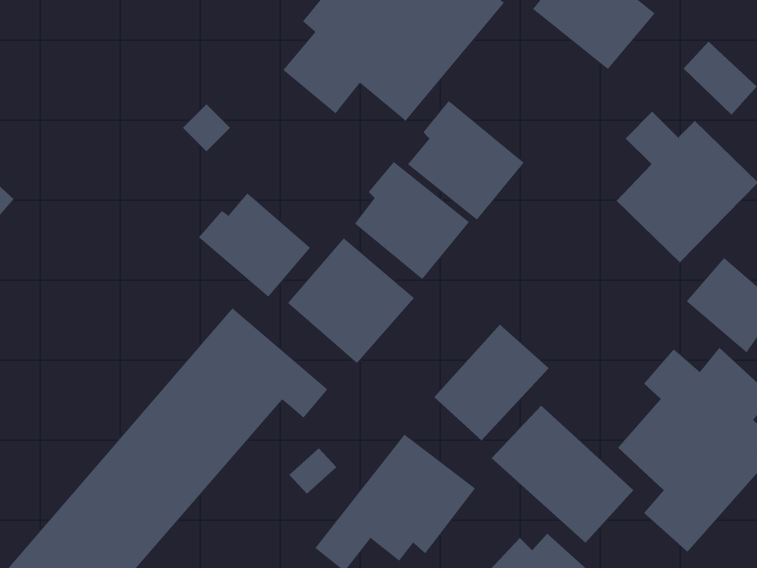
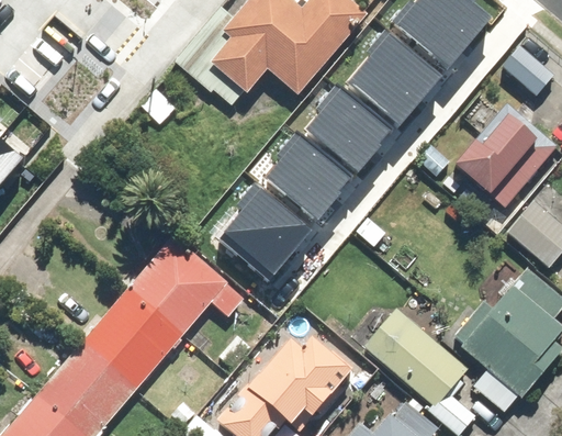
building: none -> [348,34,431,120]
building: [198,192,311,297] -> none
building: [433,324,549,441] -> none

